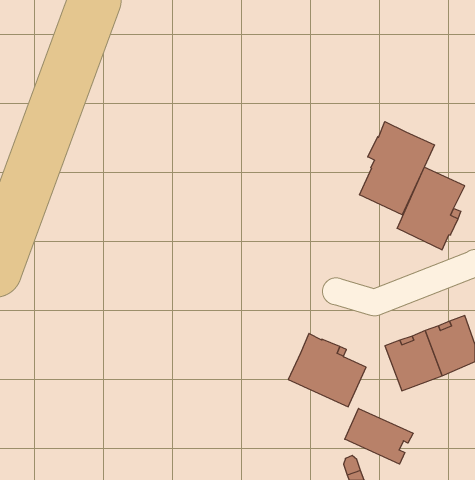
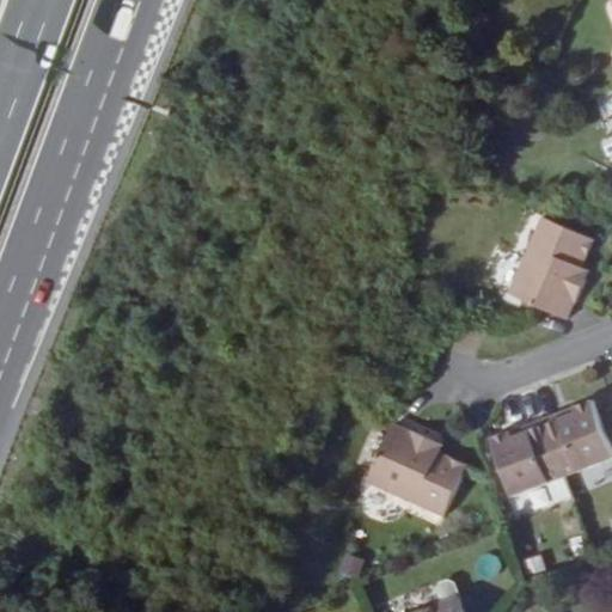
building: [360,122,435,215] -> none
building: [345,408,413,464] -> none

